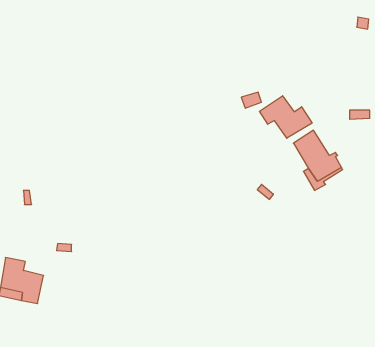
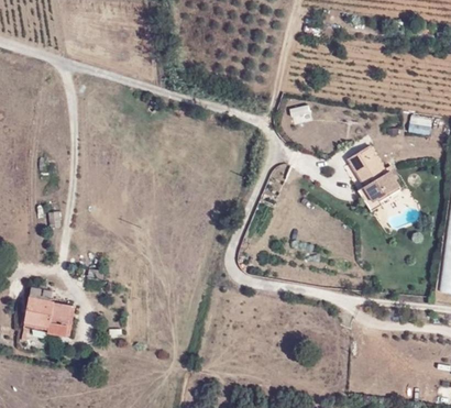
building: [259,96,312,138] -> none

